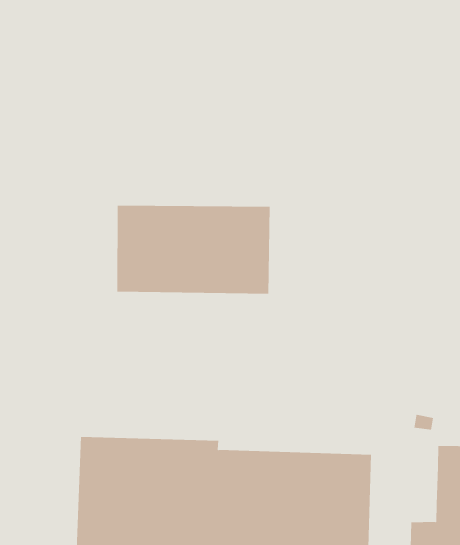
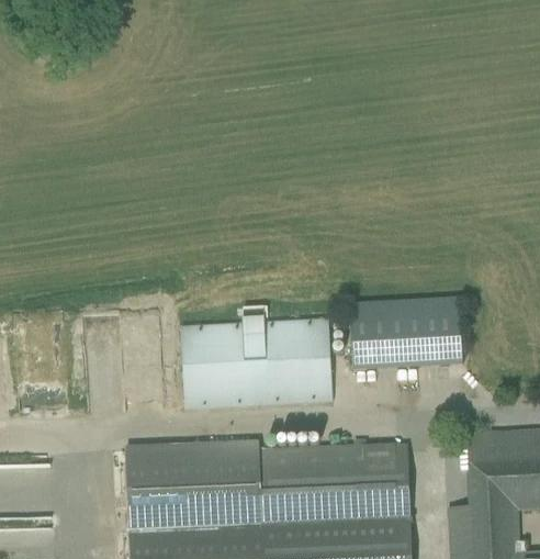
building: [117,205,271,294] -> [180,316,333,409]
building: none -> [350,295,462,370]

